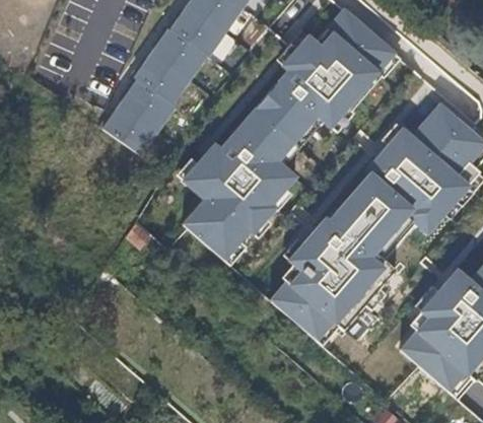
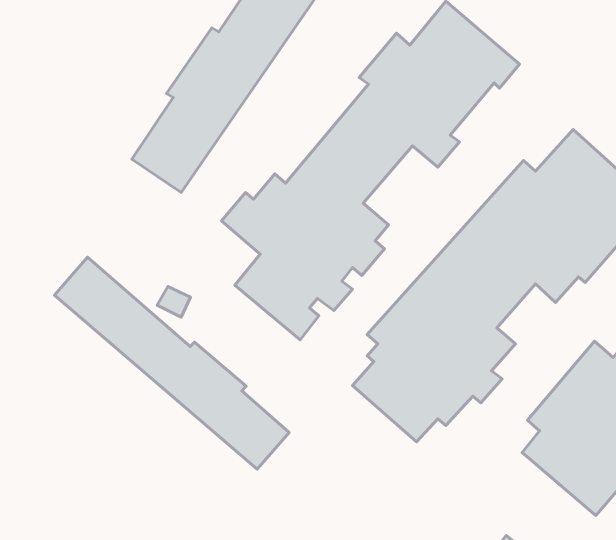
building: none -> [55,257,289,469]

